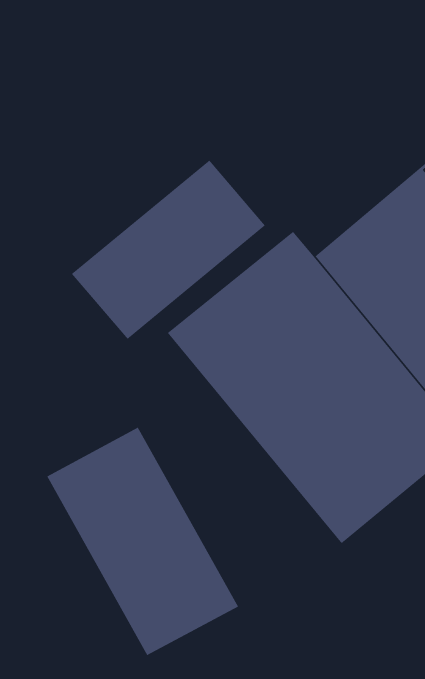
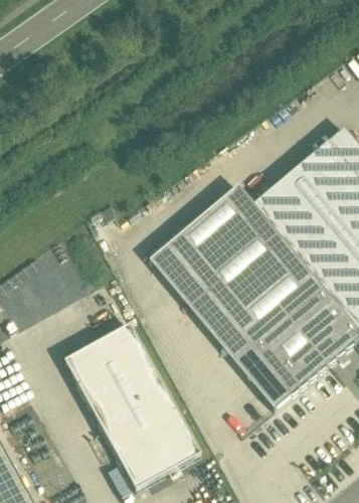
building: [71,159,266,340] -> none

